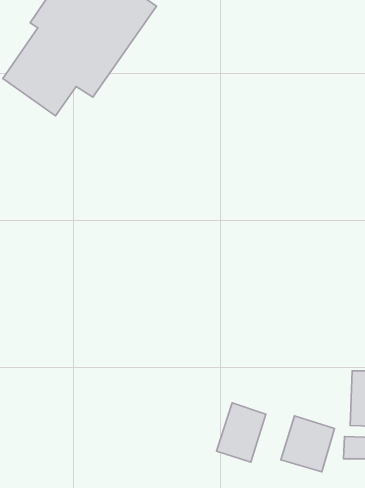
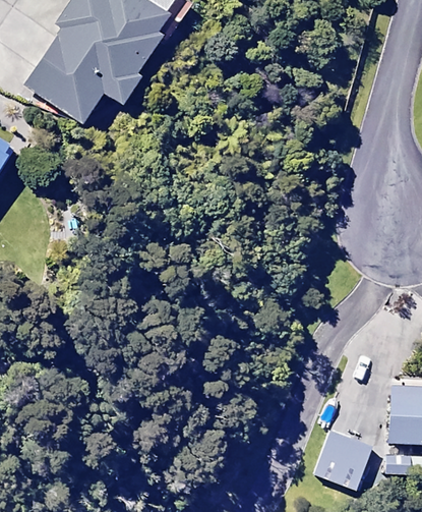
building: [216,403,266,462] -> none

